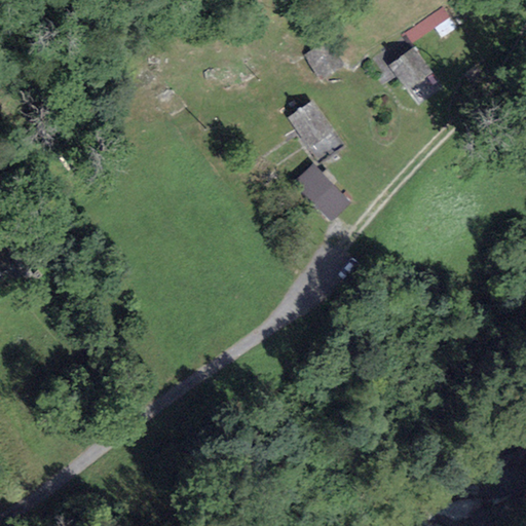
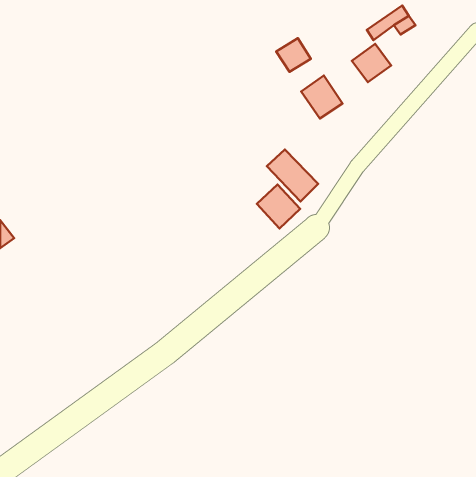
building: [290,100,335,147] -> [301,76,342,119]
building: none -> [257,184,300,228]

